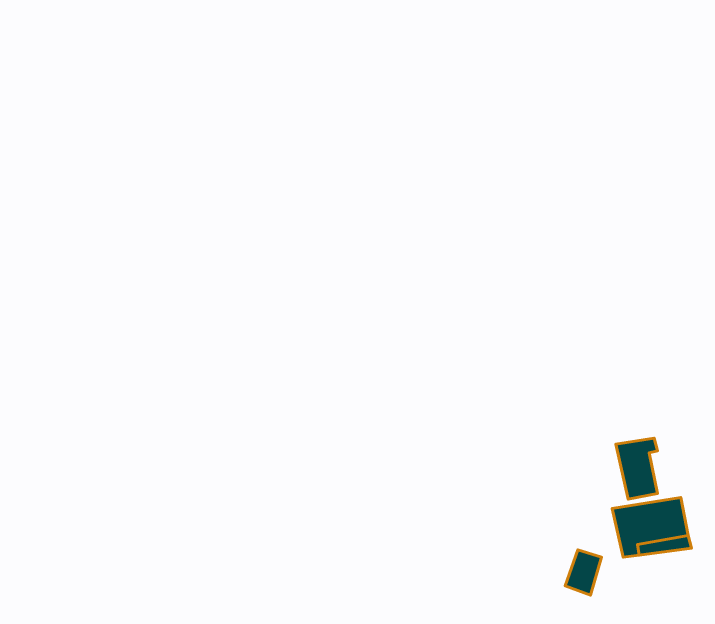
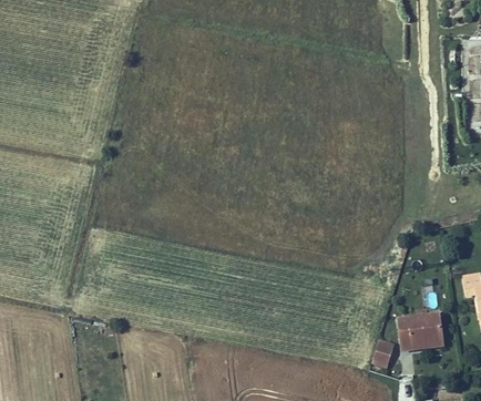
building: [616,438,658,499] -> none

